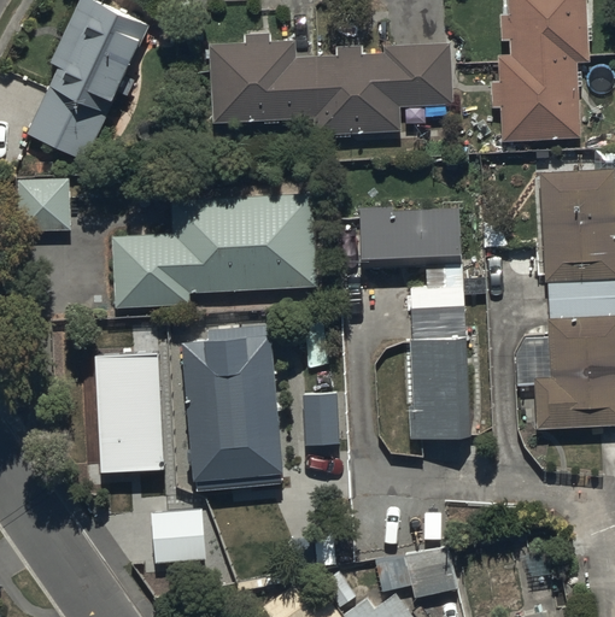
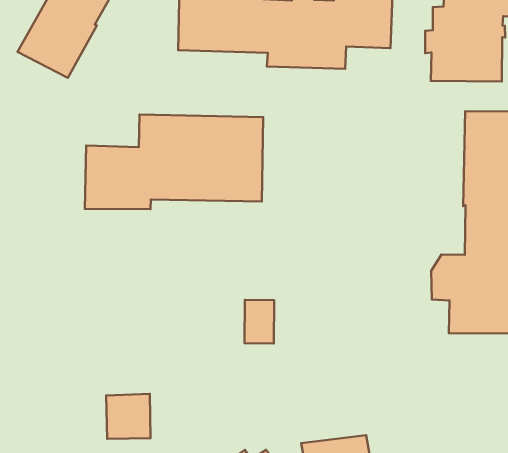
building: [24,178,71,231] -> none
building: [359,205,472,439] -> none
building: [187,327,285,487] -> none
building: [93,359,163,480] -> none

